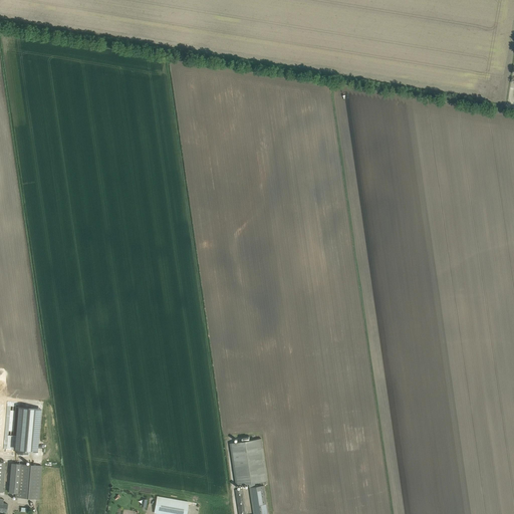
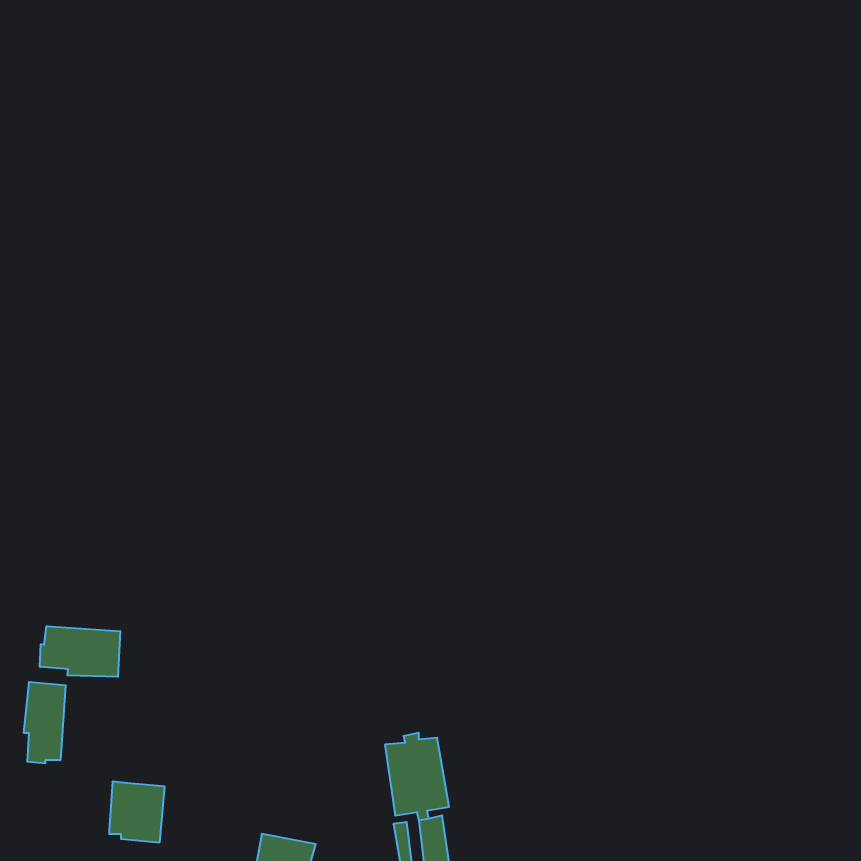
building: none -> [40,626,120,677]
building: [8,464,41,500] -> [109,782,165,842]

